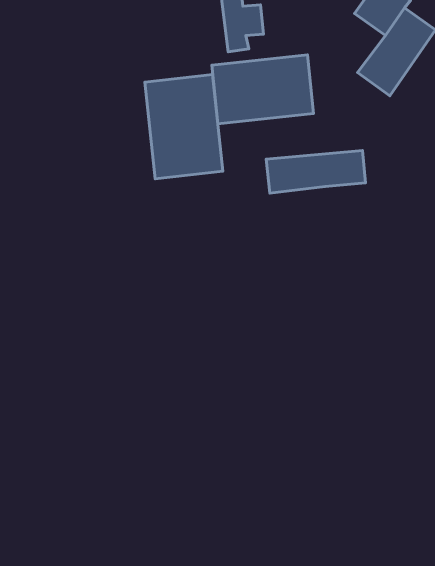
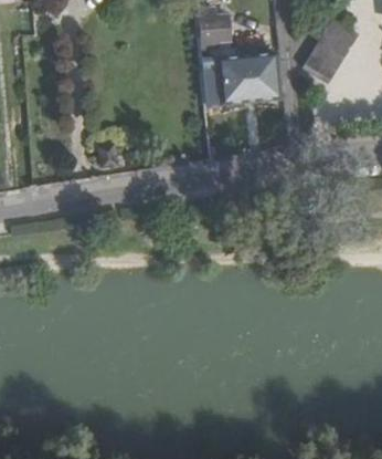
building: [145,74,223,179] -> none
building: [266,151,366,193] -> none

